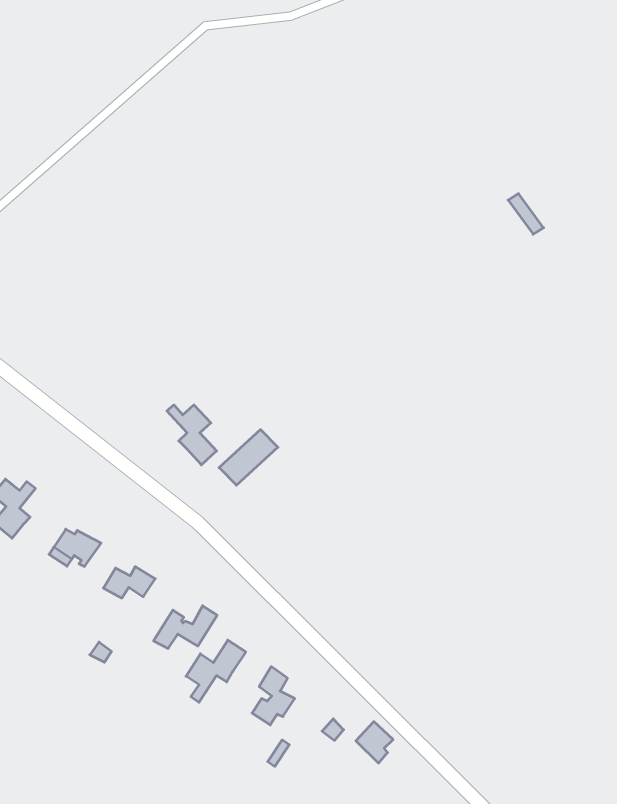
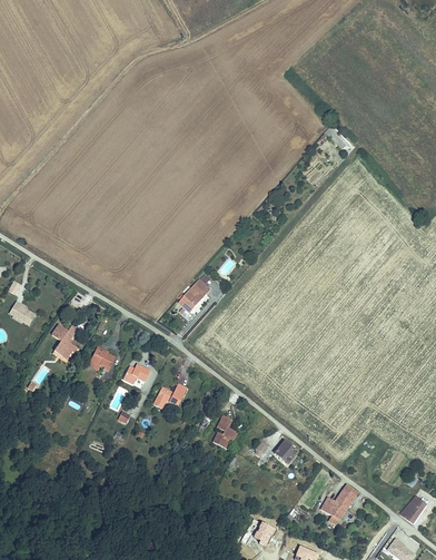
building: [167,405,217,465] -> none
building: [186,640,246,702] -> none

